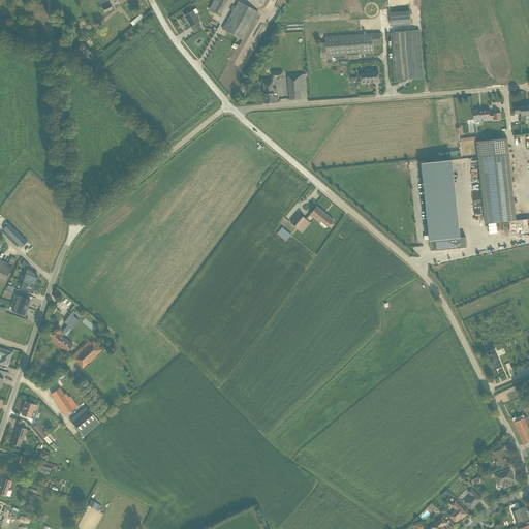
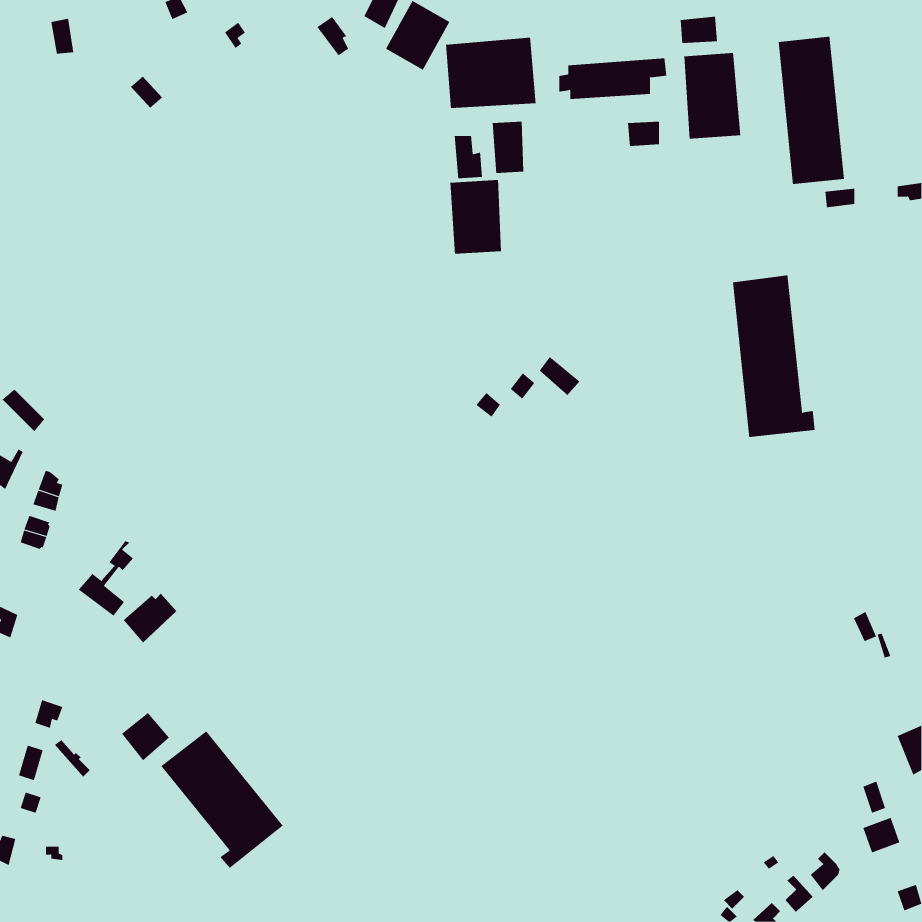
building: none -> [445,37,536,109]
building: none -> [450,179,502,255]
building: [476,137,515,222] -> [778,36,845,185]
building: [49,382,75,414] -> none
building: none -> [161,730,283,869]

